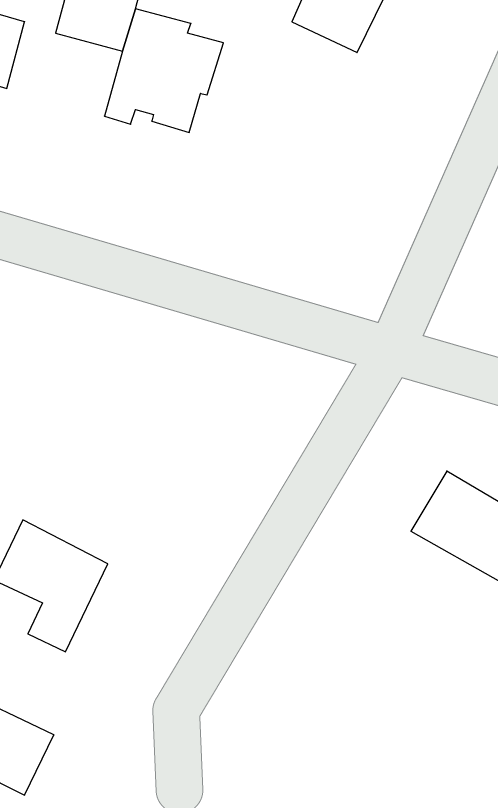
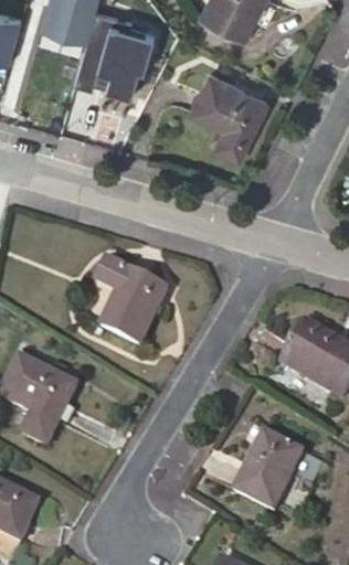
building: none -> [191,72,266,157]
building: none -> [101,259,168,344]
building: none -> [234,430,304,509]

